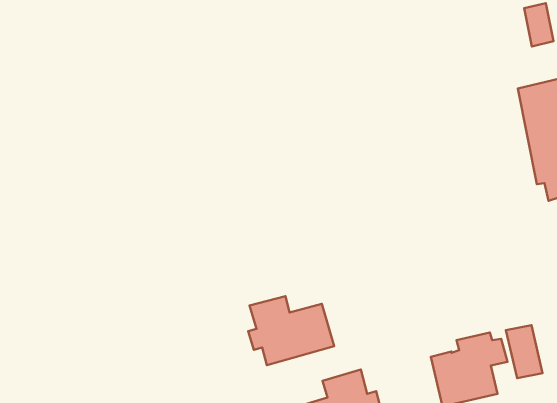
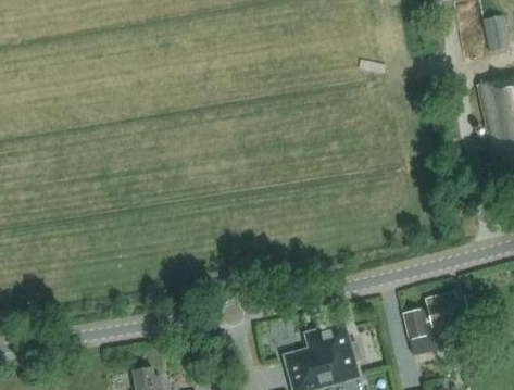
building: [248,296,334,365] -> none
building: [506,325,543,378] -> none

